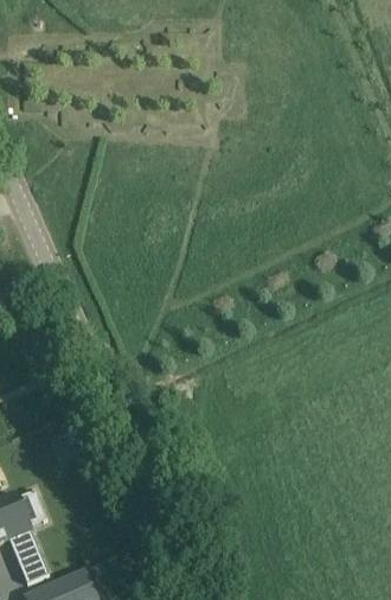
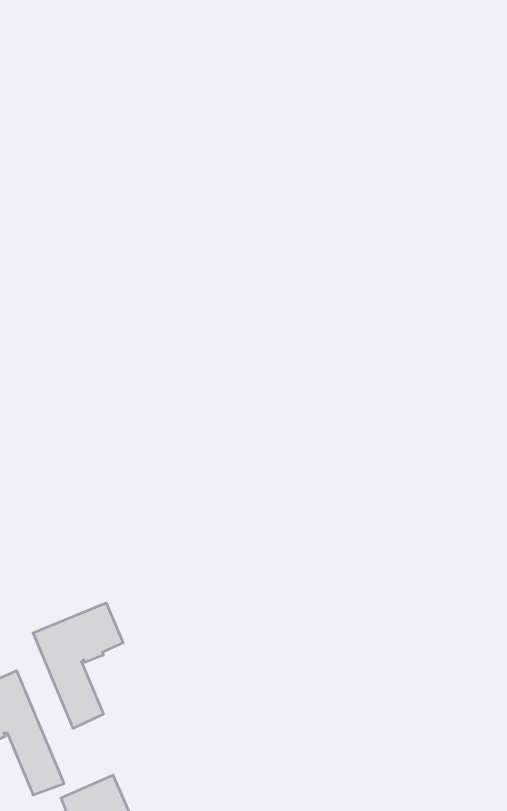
building: none -> [33,603,123,728]

